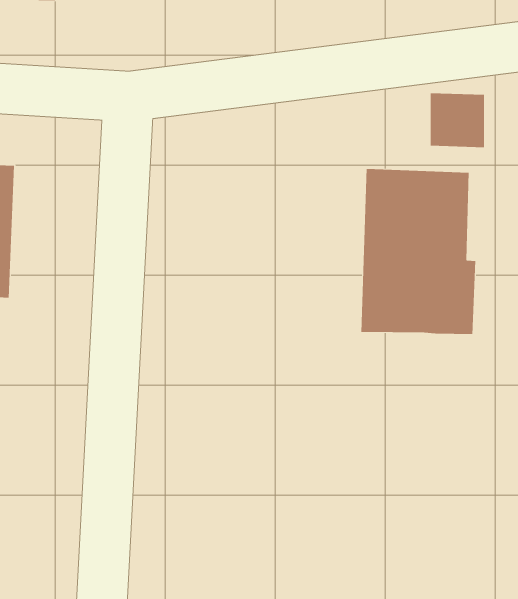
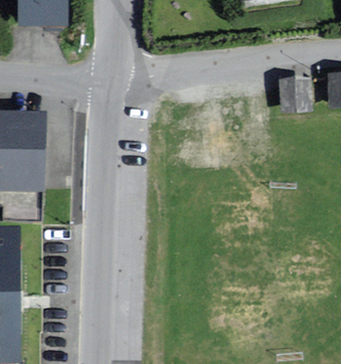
building: [361,168,476,335] -> none

